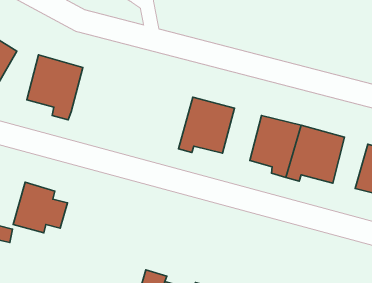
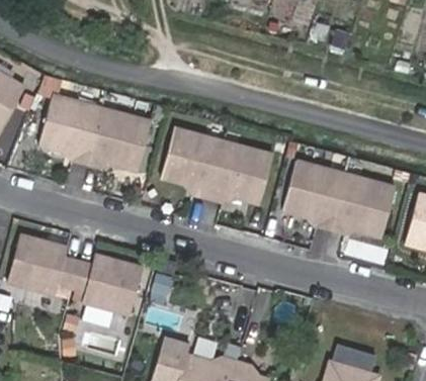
building: none -> [83,109,146,172]
building: none -> [163,130,223,200]
building: none -> [74,256,140,311]

